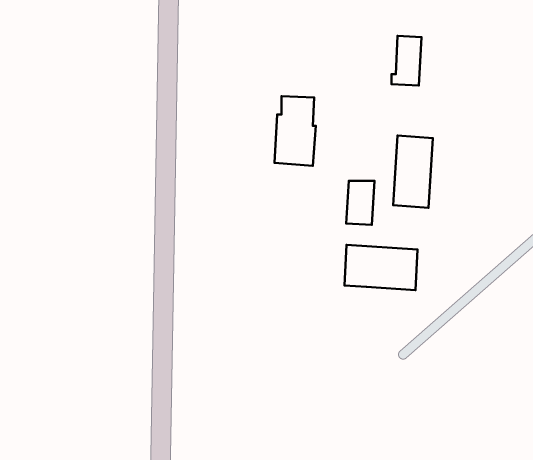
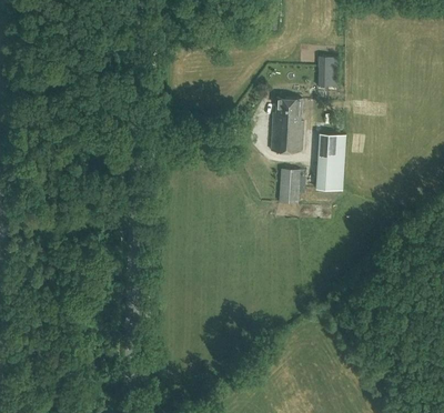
building: [274,96,316,166] -> [271,98,303,152]
building: [345,245,418,290] -> none

